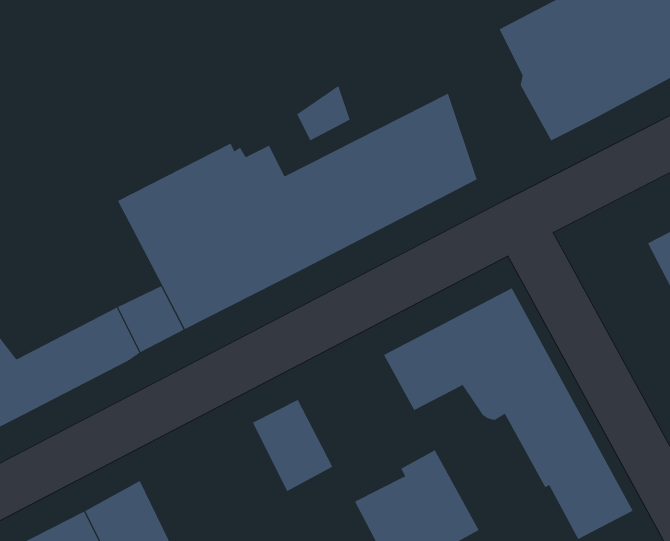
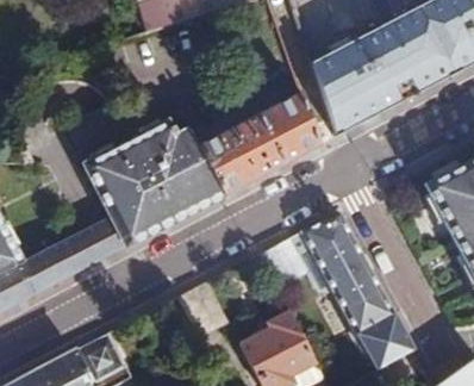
building: none -> [311,52,363,137]

